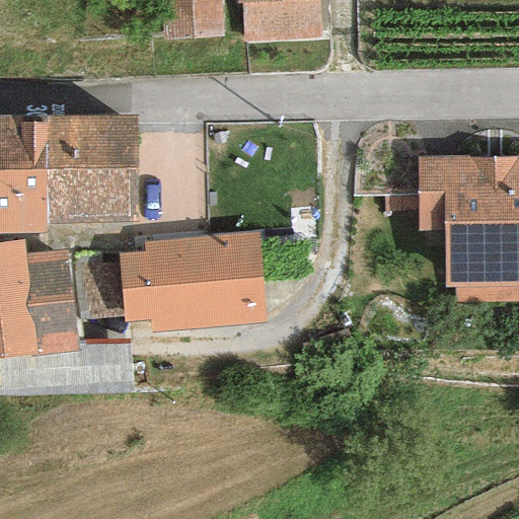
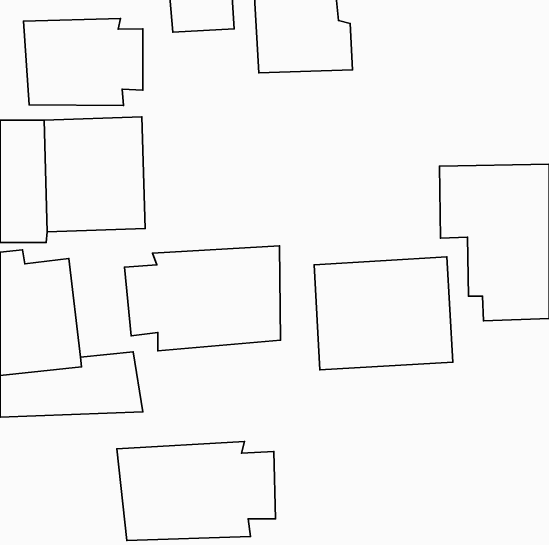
building: none -> [23,18,143,105]
building: none -> [314,257,453,370]
building: none -> [117,441,275,540]

